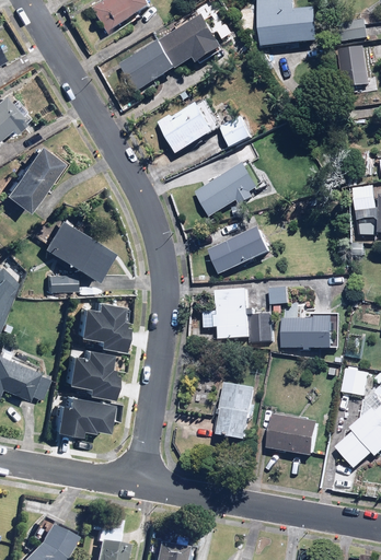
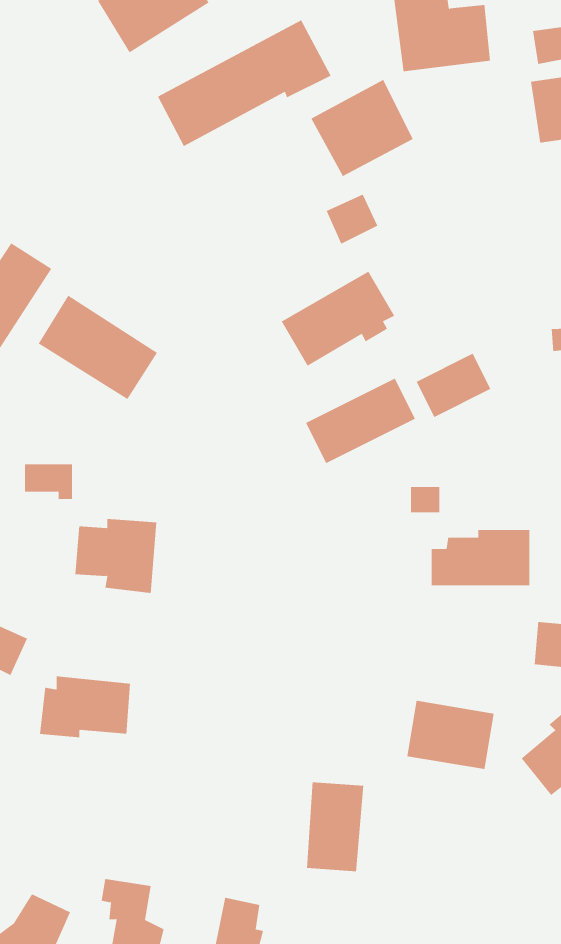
building: [157,98,217,155] -> [311,79,414,177]
building: none -> [416,353,491,418]
building: [41,219,111,280] -> [38,295,158,400]
building: [210,288,250,338] -> none
building: [255,313,272,340] -> none
building: [62,352,111,396] -> none
building: [218,383,252,435] -> [306,782,364,872]

